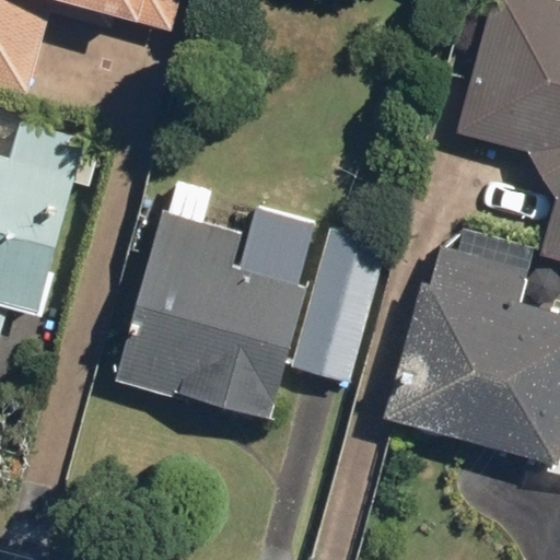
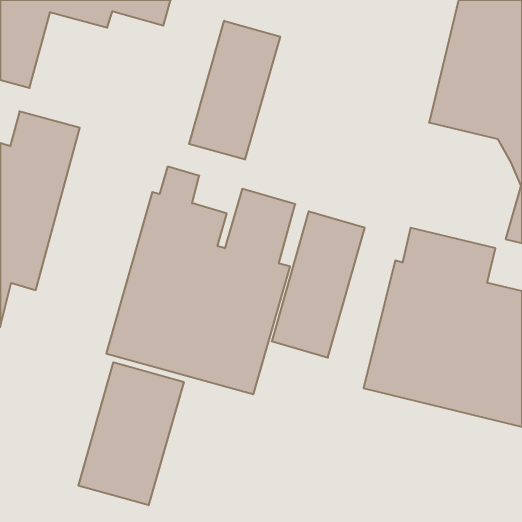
building: none -> [189,21,280,160]
building: none -> [78,362,184,505]

